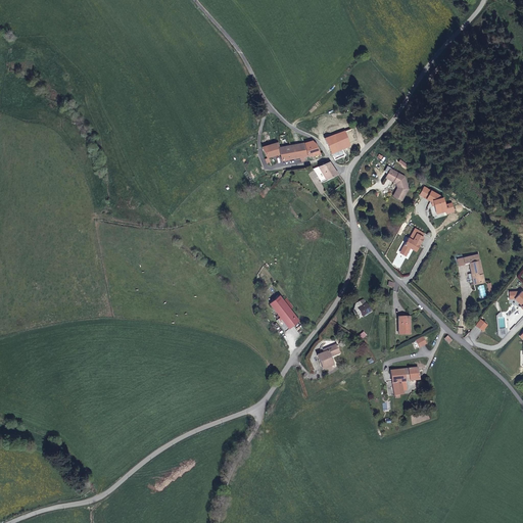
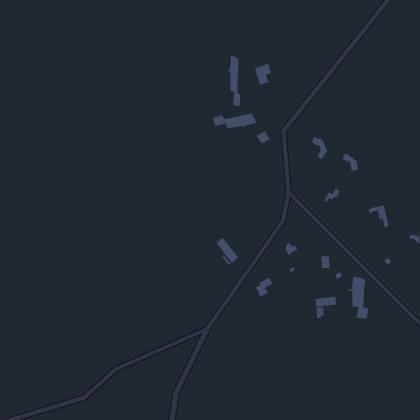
building: none -> [227,54,242,107]
building: [327,131,349,159] -> [254,63,272,86]
building: none -> [348,276,369,319]

